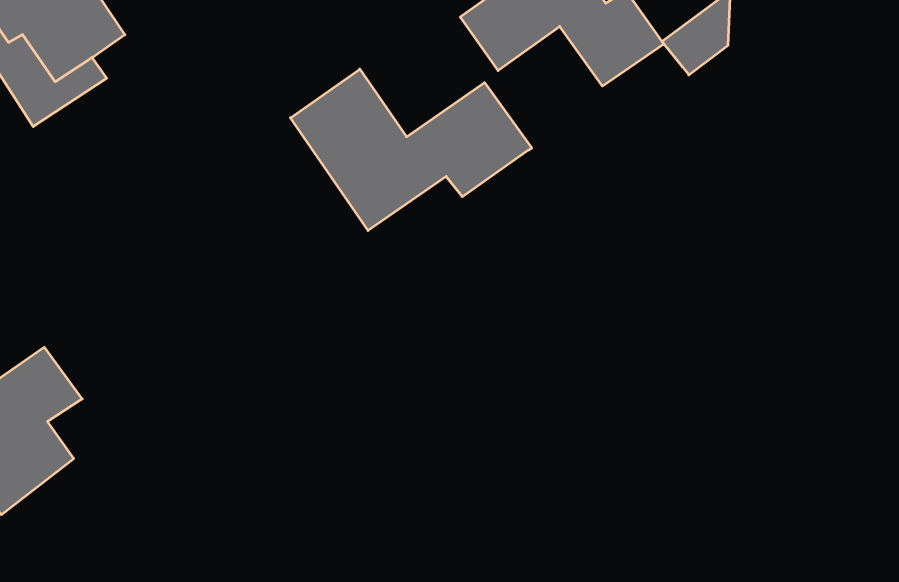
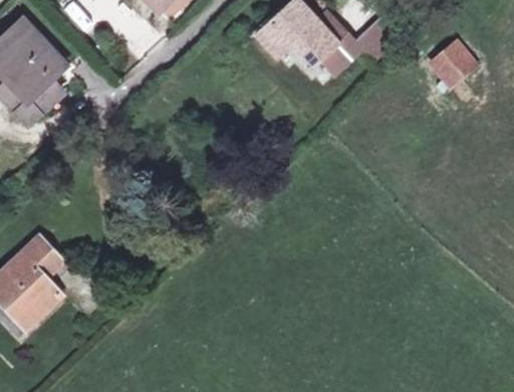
building: none -> [425,42,467,85]
building: [290,69,532,231] -> none

